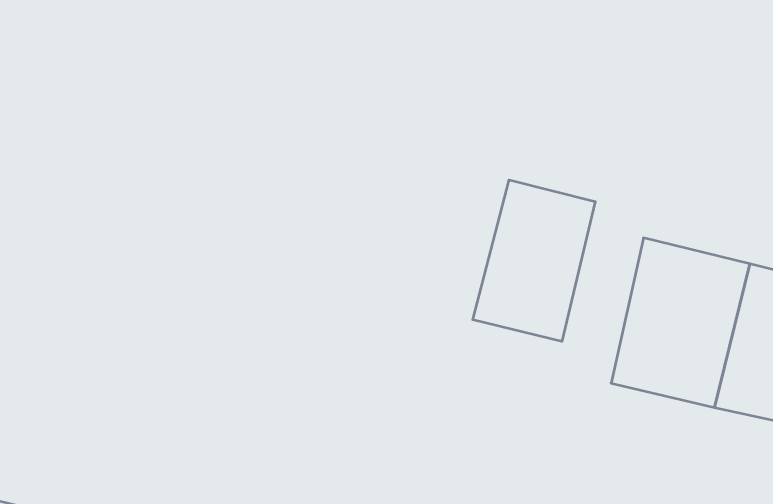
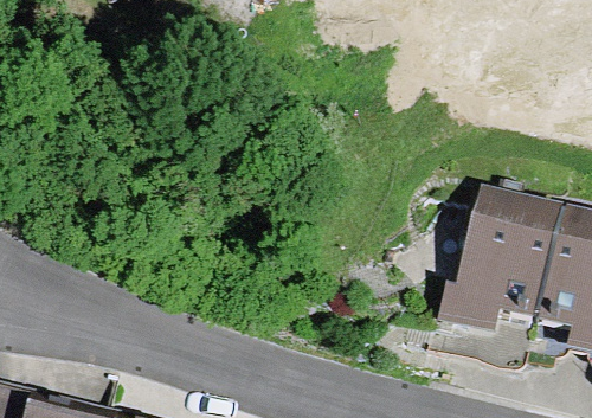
building: [473,180,595,341] -> none

